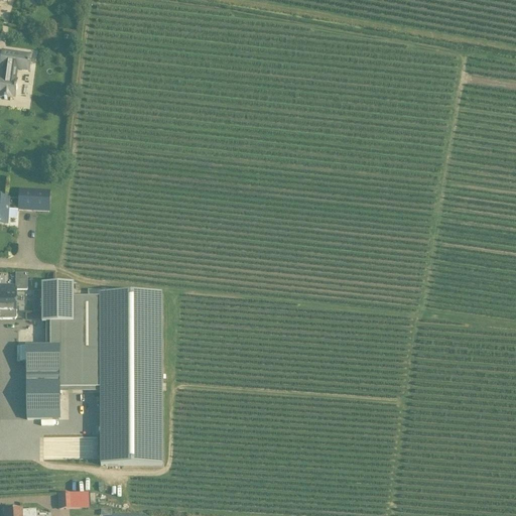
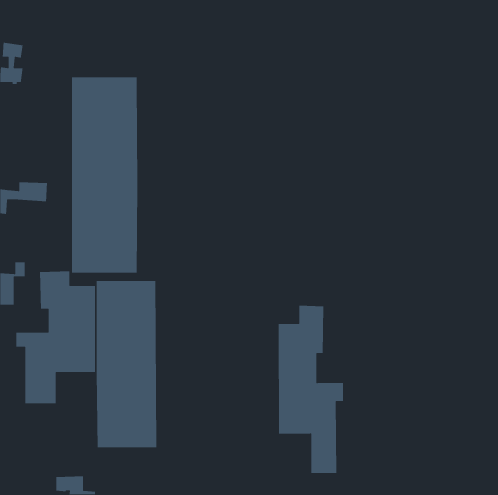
building: none -> [71,77,138,274]
building: none -> [278,305,344,474]

